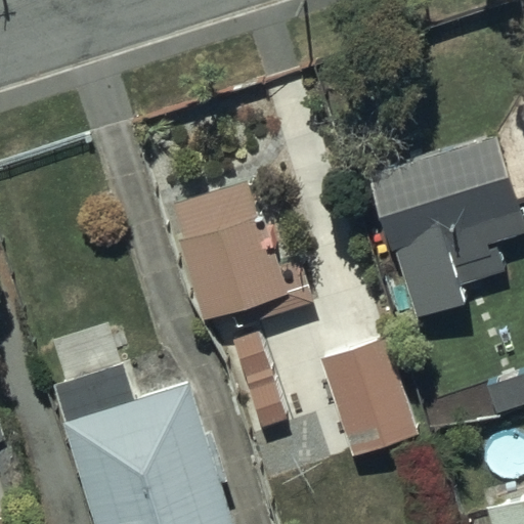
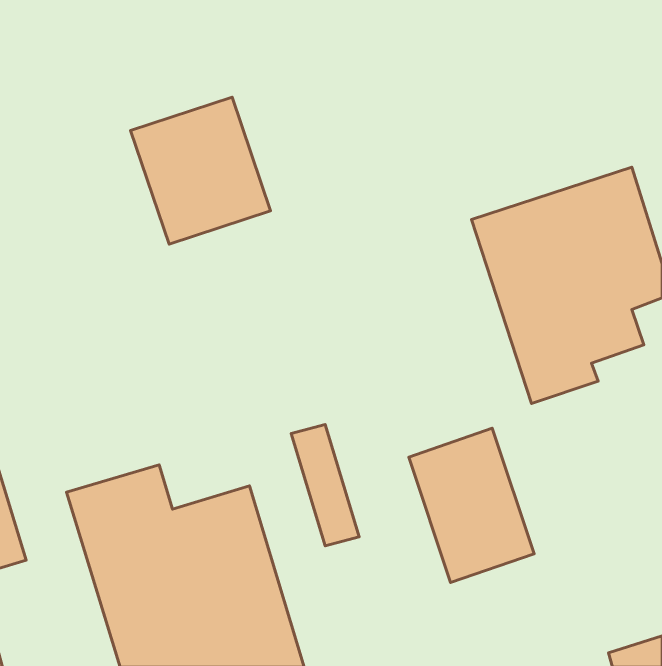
building: none -> [131,97,270,244]
building: [170,176,314,324] -> none

